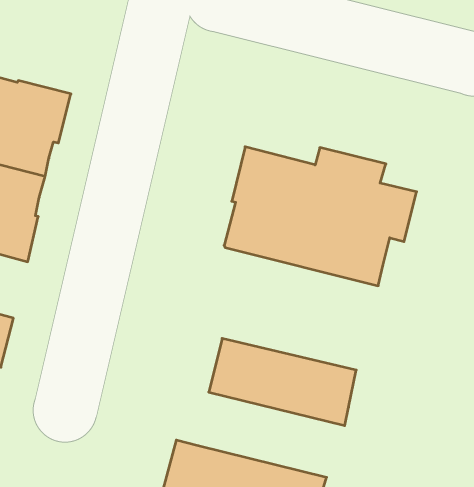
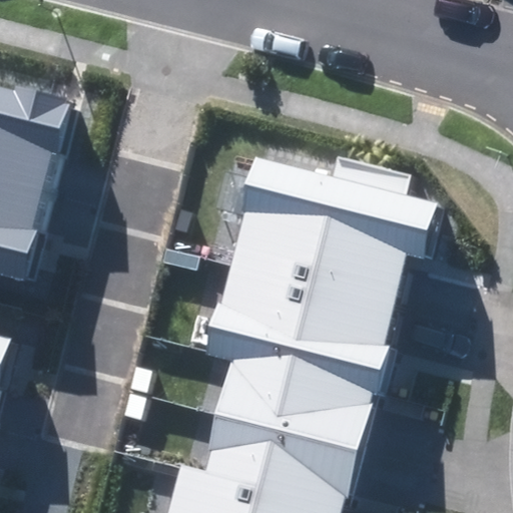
building: none -> [209,262,396,393]
building: none -> [207,413,361,502]

